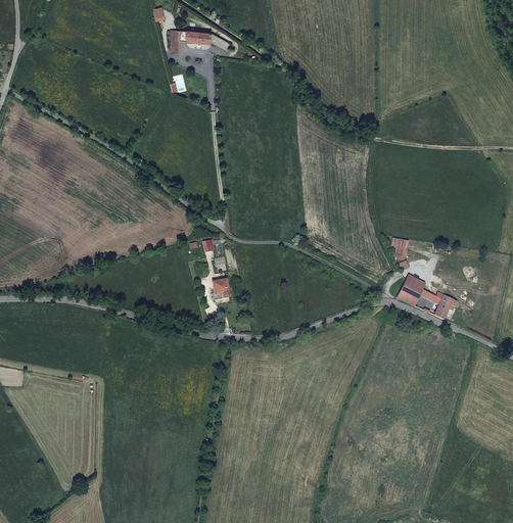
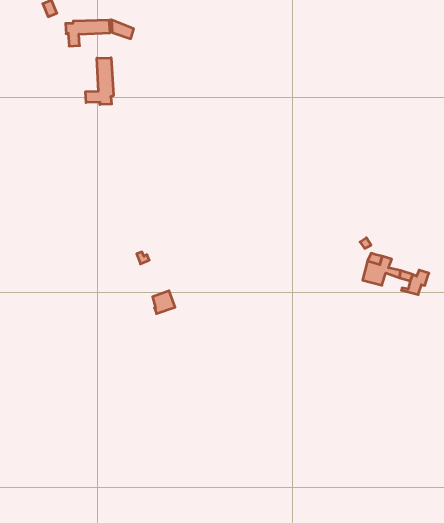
building: none -> [86,58,113,105]

